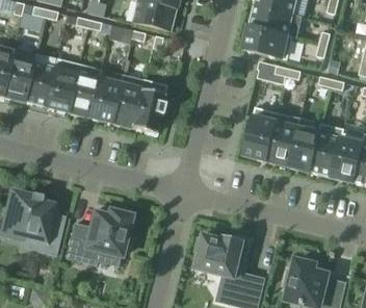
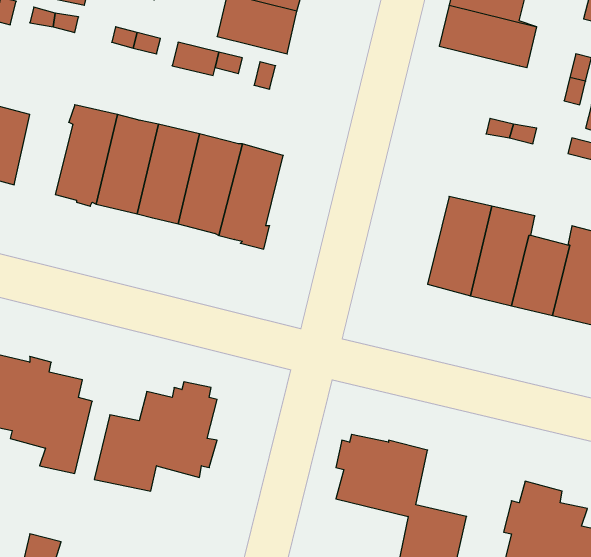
building: [244,27,292,60] -> none
building: [23,63,54,106] -> none

